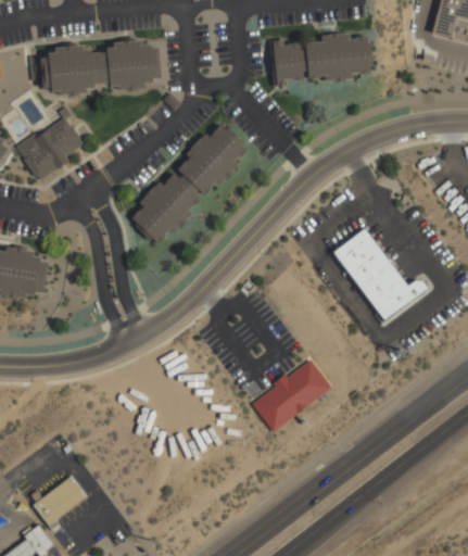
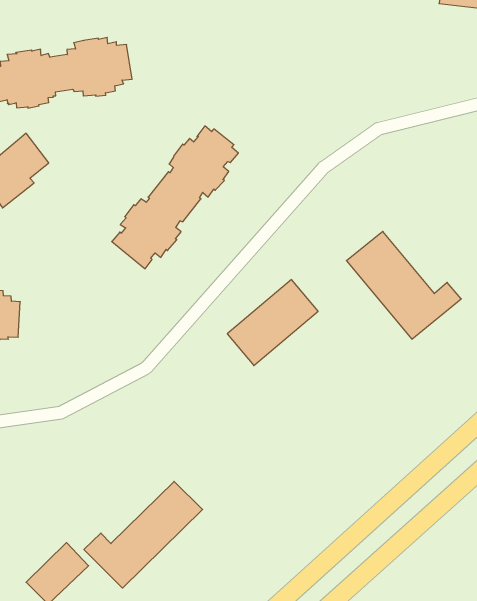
building: [269,33,372,86] -> none
building: [252,359,332,431] -> [227,280,318,366]
building: none -> [84,481,203,588]

